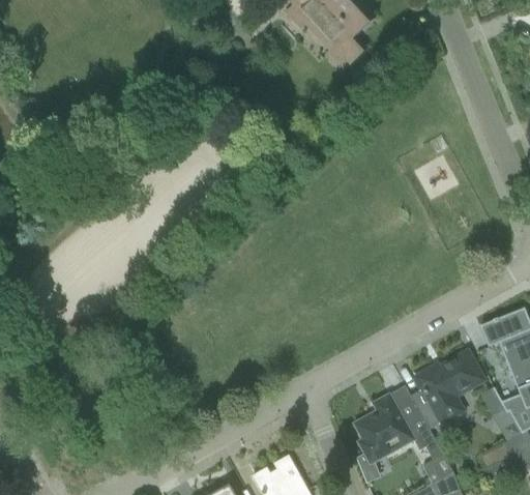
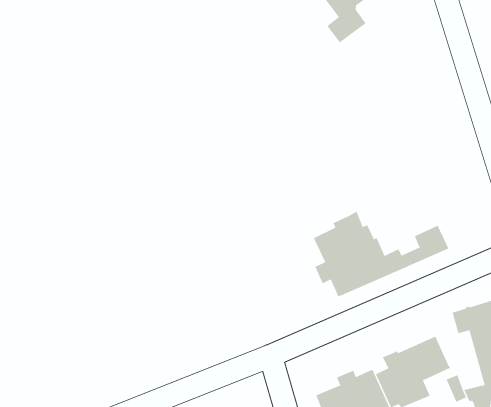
building: none -> [313,211,449,297]

